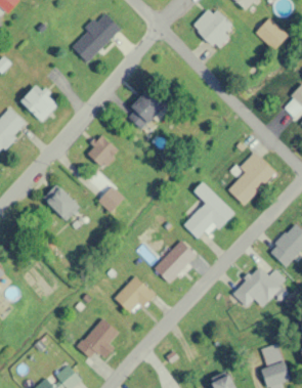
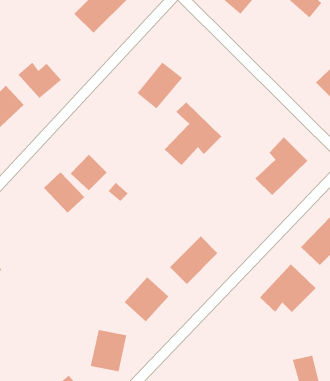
building: [86,134,119,167] -> [70,154,107,191]
building: [183,182,234,239] -> [164,101,222,166]

